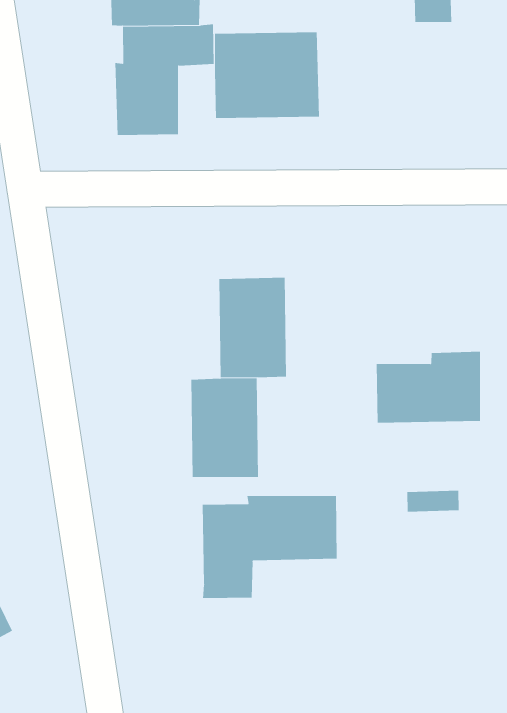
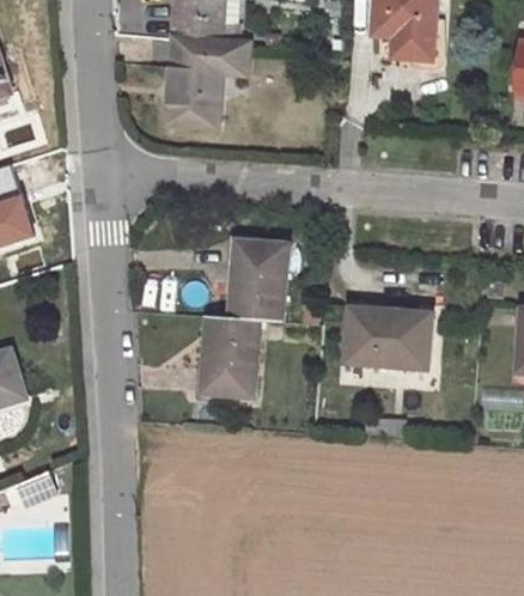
building: [214,31,320,119] -> none
building: [202,495,337,599] -> none

